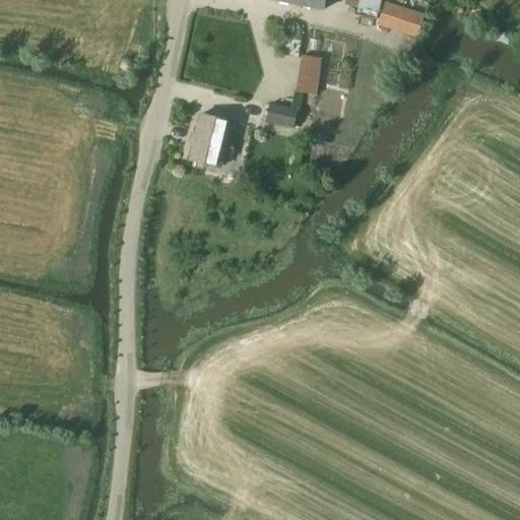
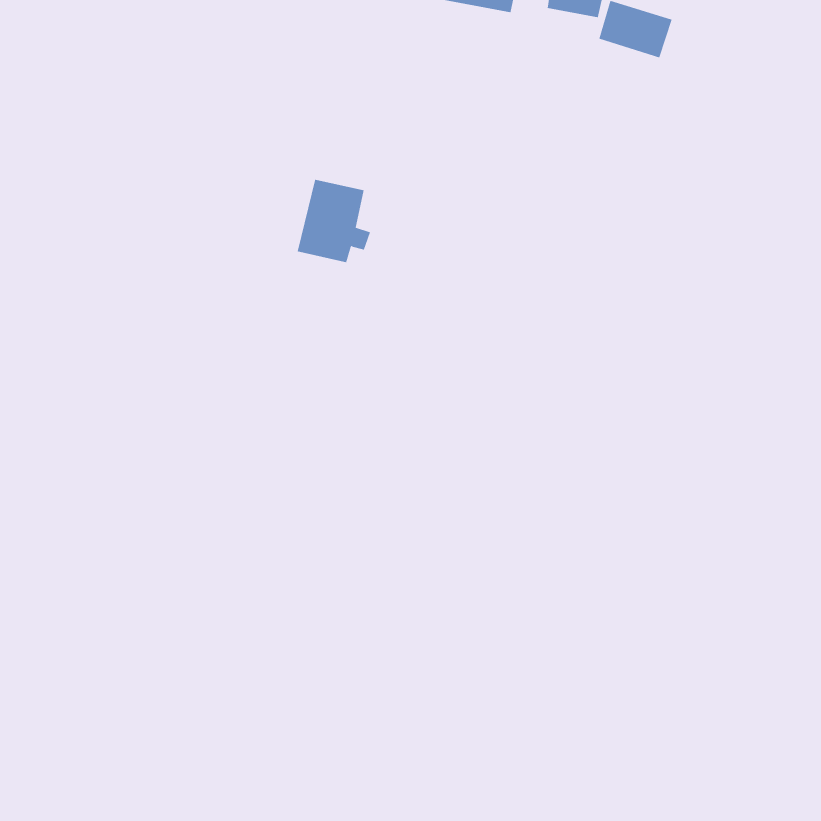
building: [294,54,320,94] -> none
building: [265,103,297,127] -> none

